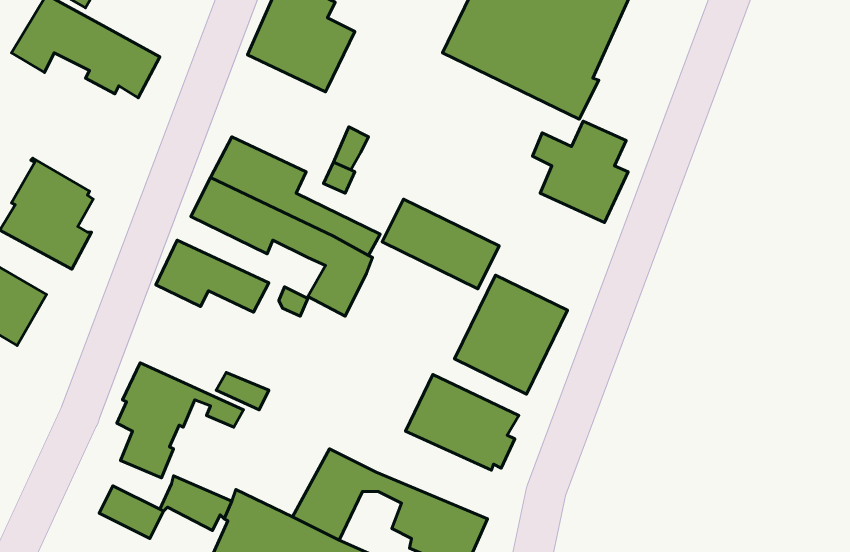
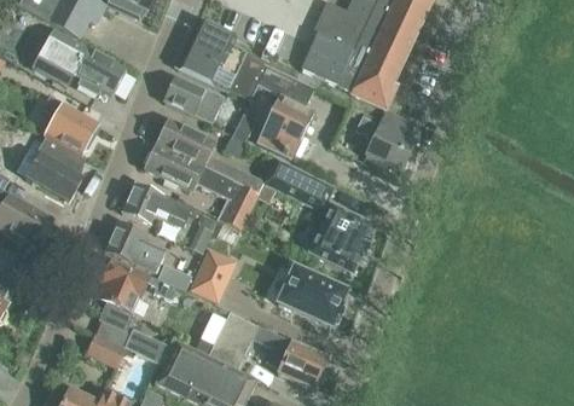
building: none -> [228,53,314,157]
building: none -> [162,75,224,122]
building: none -> [33,88,97,152]
building: none -> [105,221,164,272]
building: none -> [191,249,236,300]

